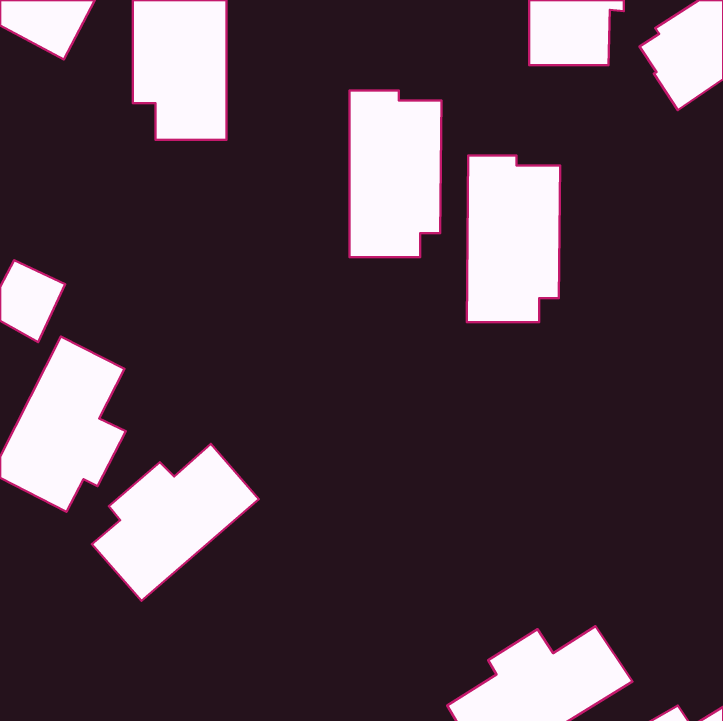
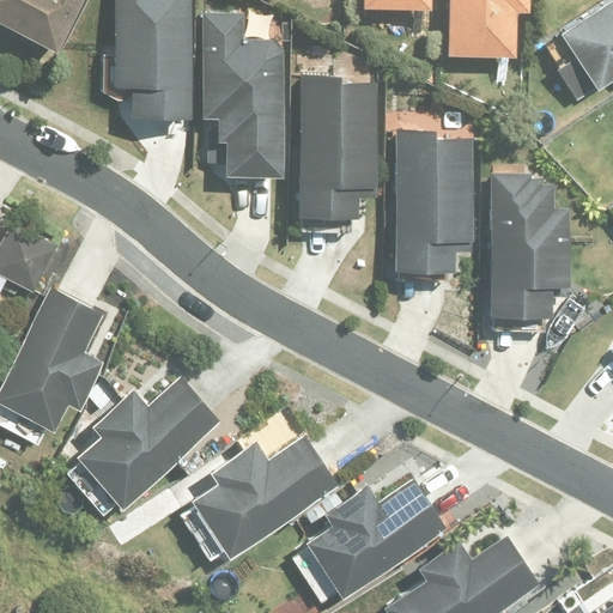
building: none -> [205,13,286,180]
building: none -> [484,169,566,310]
building: none -> [192,438,342,563]
building: none -> [291,479,449,606]

